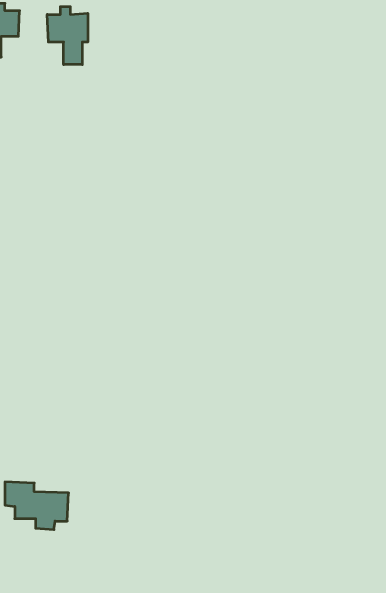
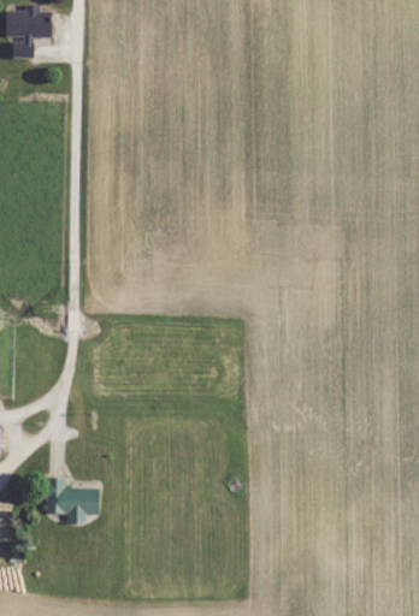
building: [47,7,88,65] -> none

